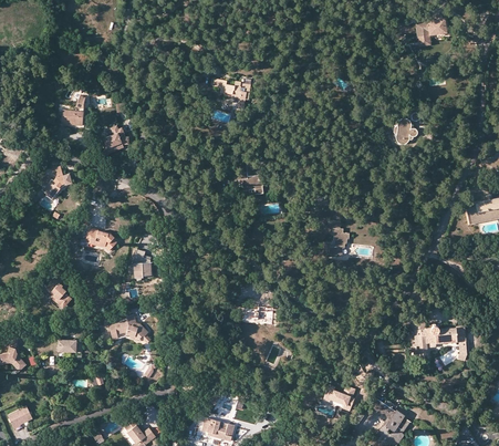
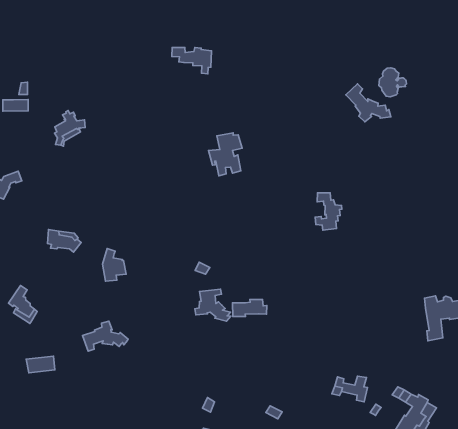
building: none -> [346,84,391,122]
building: none -> [195,289,231,321]

